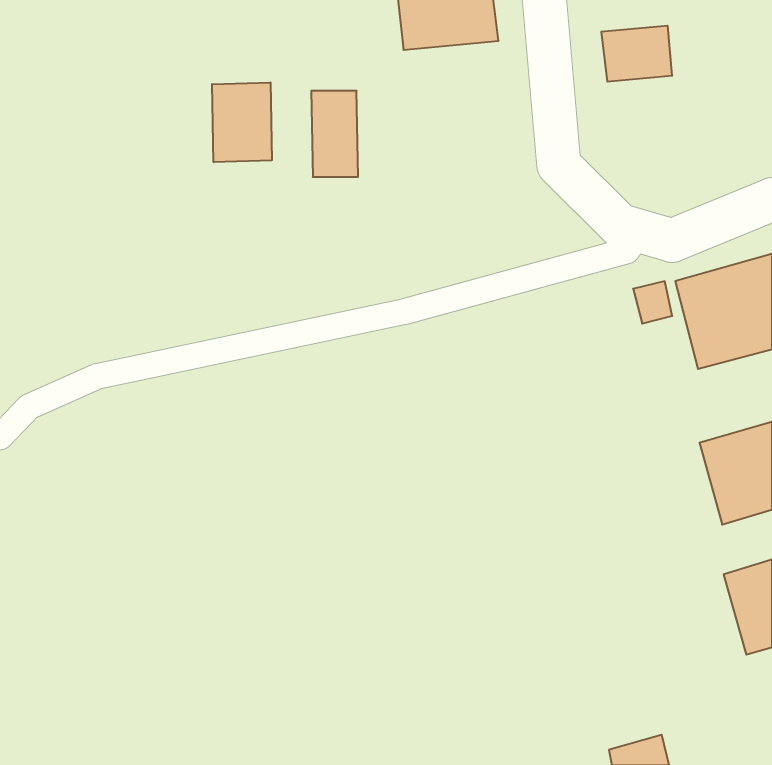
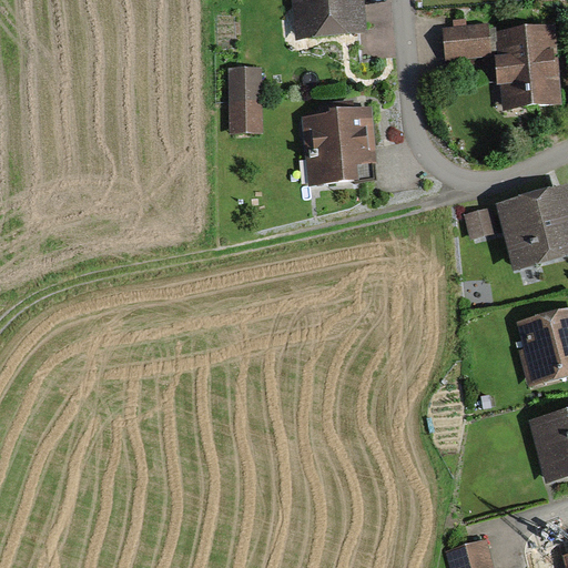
building: none -> [496,26,559,108]
building: [212,82,272,162] -> none
building: none -> [303,105,375,183]

